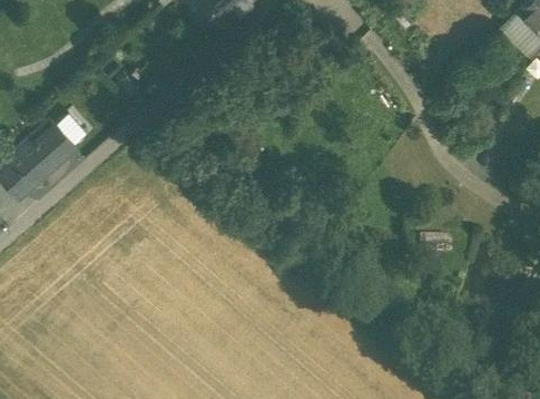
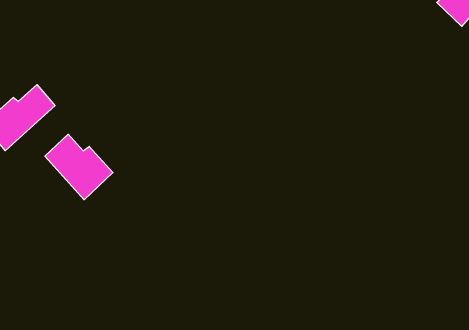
building: none -> [45,134,113,200]

